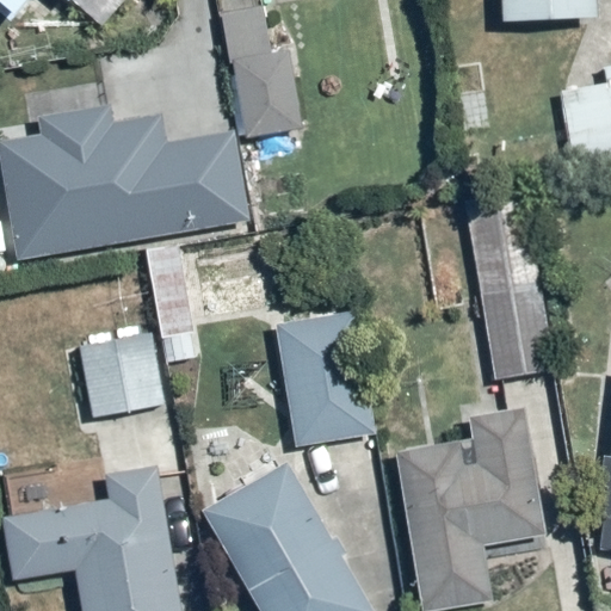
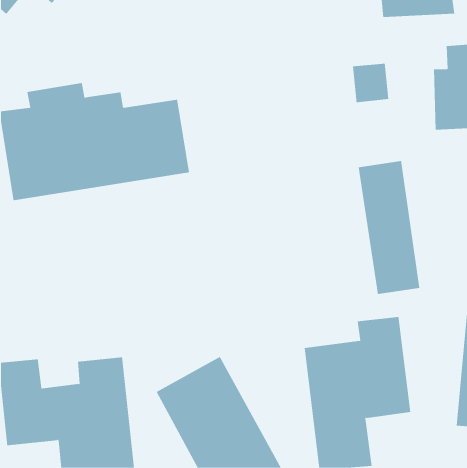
building: [239,43,304,135] -> none
building: [278,310,374,444] -> none
building: [84,331,167,416] -> none

